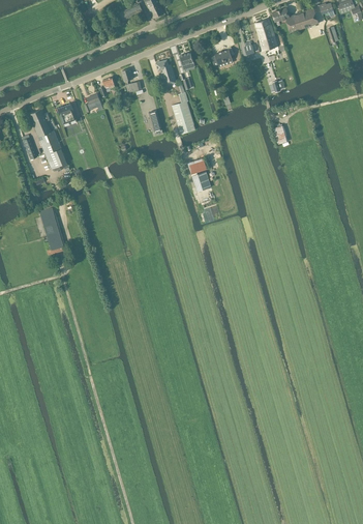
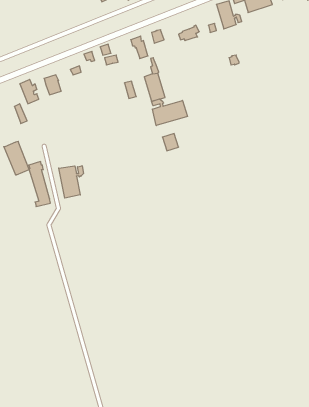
building: [37,130,66,169] -> [4,141,29,175]
building: none -> [152,99,187,126]
building: none -> [59,166,84,198]

